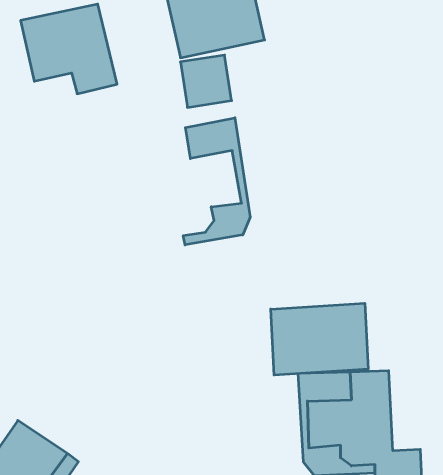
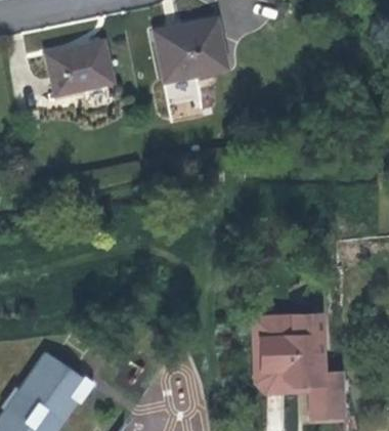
building: [183,118,250,245] -> none
building: [271,303,368,375] -> none

